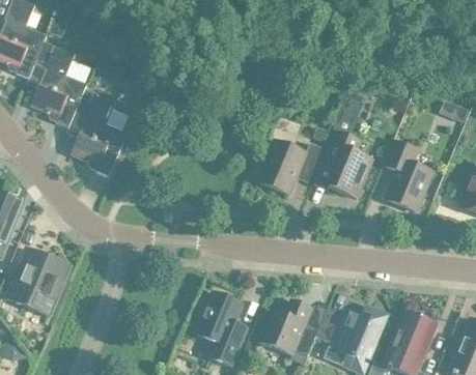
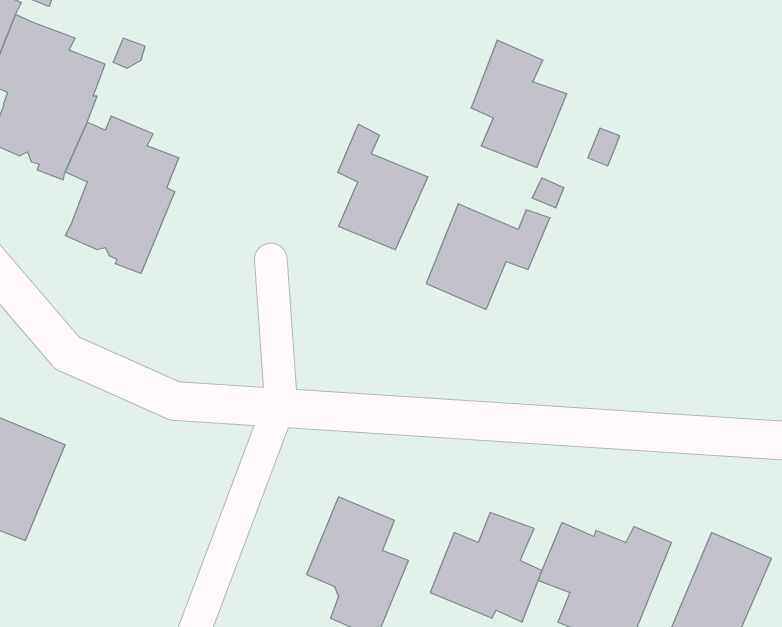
building: none -> [338,124,428,250]
building: [323,132,372,198] -> [471,40,567,168]
building: [384,141,431,211] -> none

